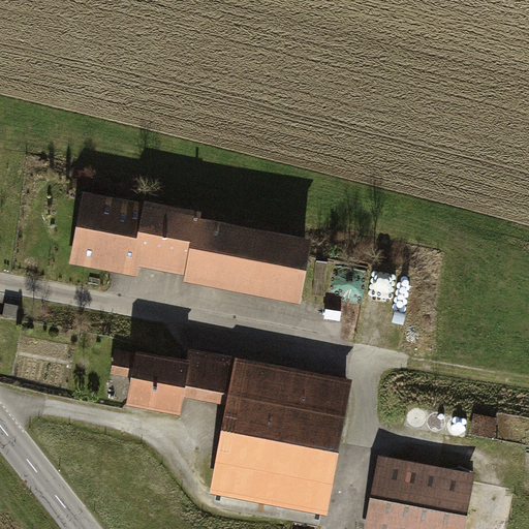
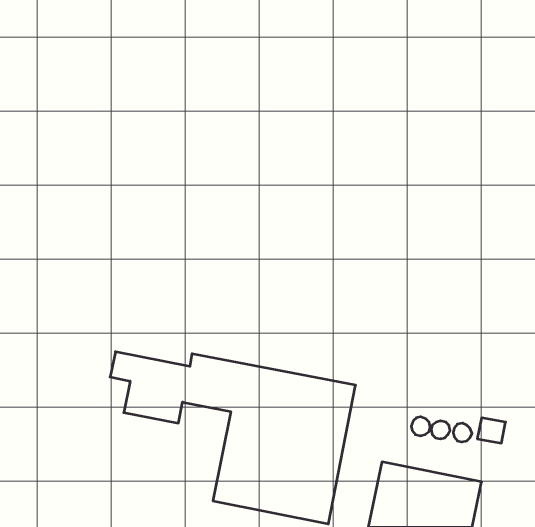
building: [66,191,311,305] -> none

